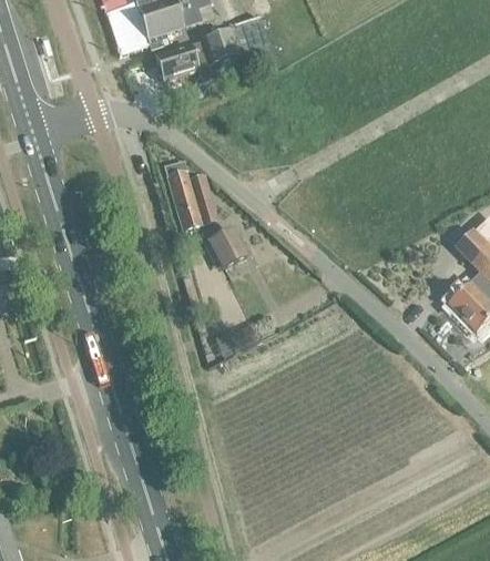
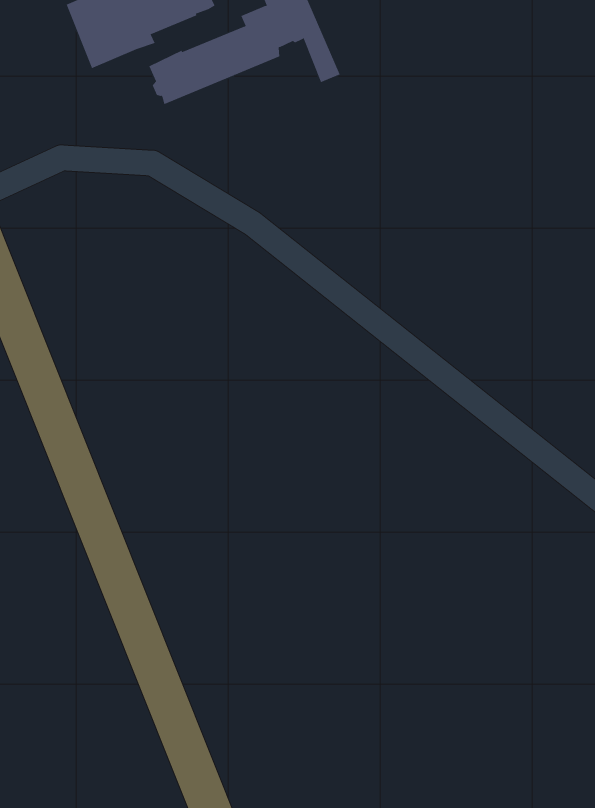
building: [163,159,215,228] -> none
building: [210,227,246,266] -> none

